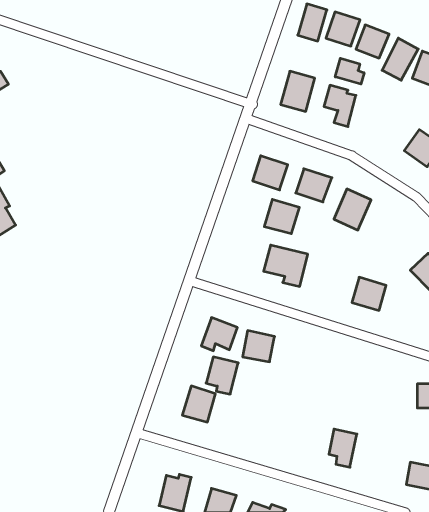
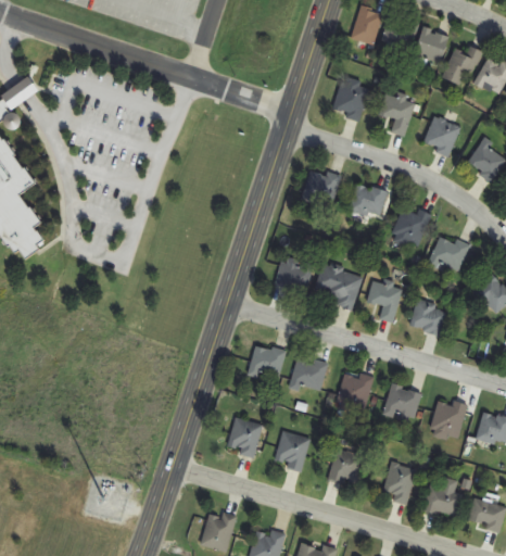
building: [335,58,364,84] -> none
building: none -> [422,116,459,155]
building: [264,199,299,234] -> [275,256,313,293]
building: none -> [429,236,467,274]
building: none -> [367,280,402,323]
building: none -> [334,370,372,414]
building: none -> [383,384,420,421]
building: [206,357,238,394] -> [275,431,309,471]
building: none -> [430,399,466,440]
building: none -> [328,448,364,486]
building: none -> [423,486,461,517]

